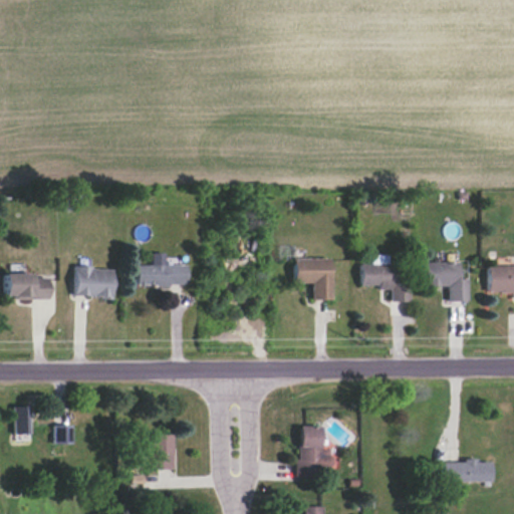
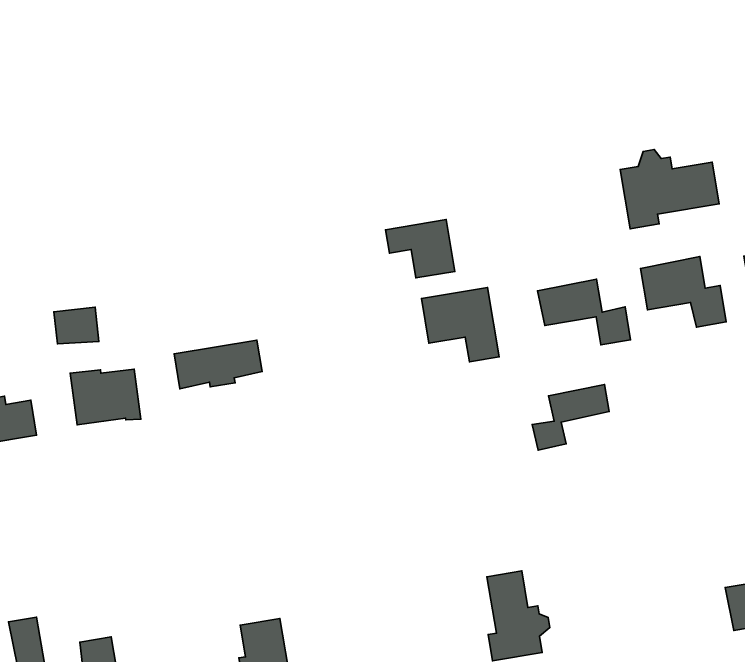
building: none -> [620,150,719,229]
building: none -> [386,220,455,278]
building: none -> [54,307,99,344]
building: none -> [532,385,609,450]

